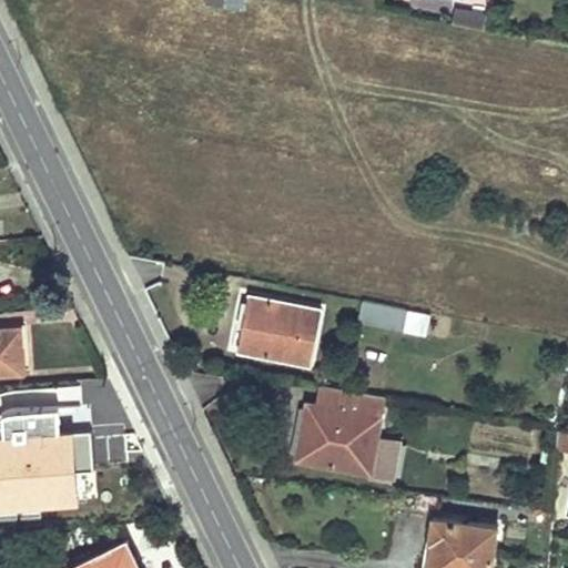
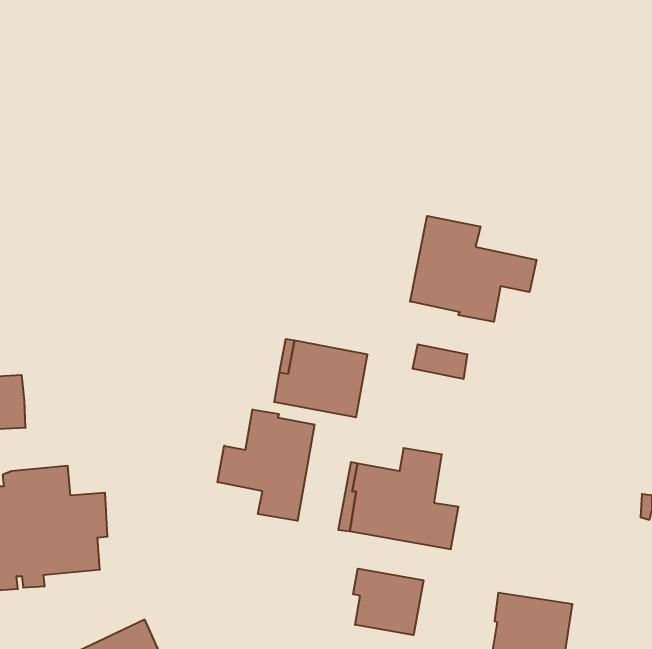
building: none -> [410,216,536,322]
building: none -> [217,409,314,521]
building: none -> [353,569,424,635]

